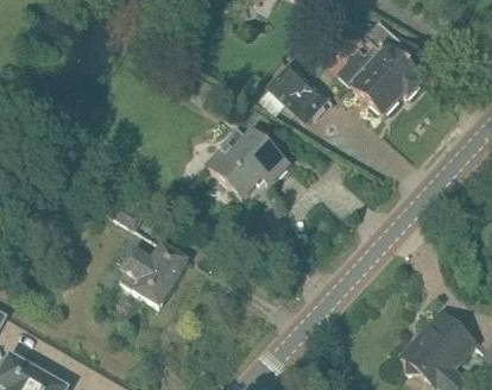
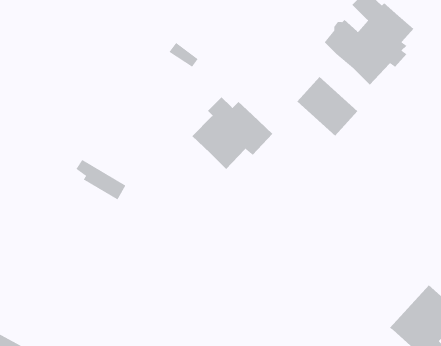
building: [267,63,328,122] -> [297,76,358,136]
building: [120,244,188,307] -> none

